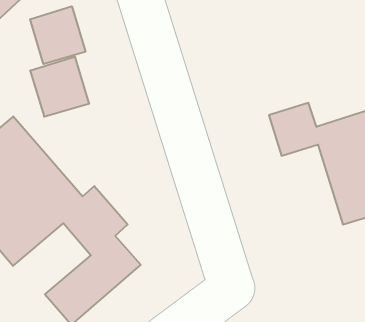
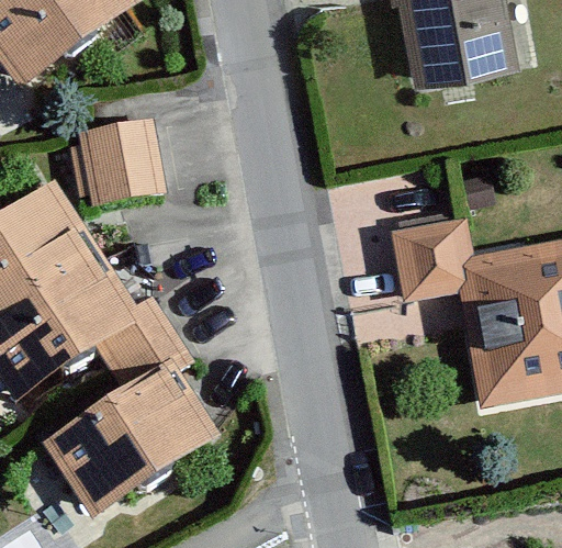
building: [30,6,85,64] -> none

